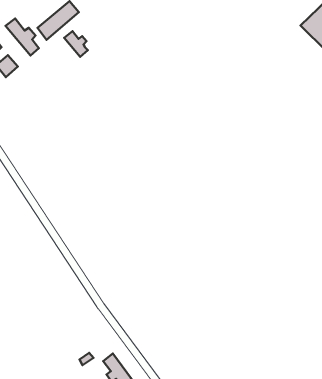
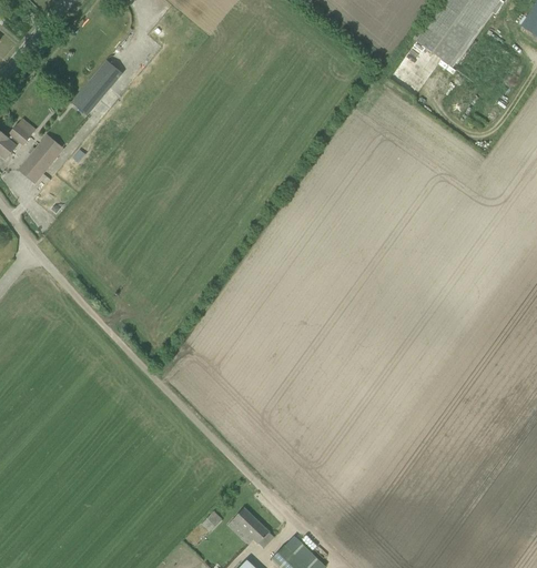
building: [6,19,39,56] -> none
building: [64,31,88,57] -> none

